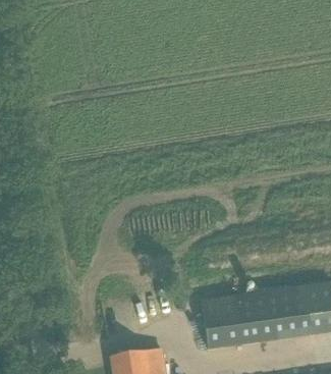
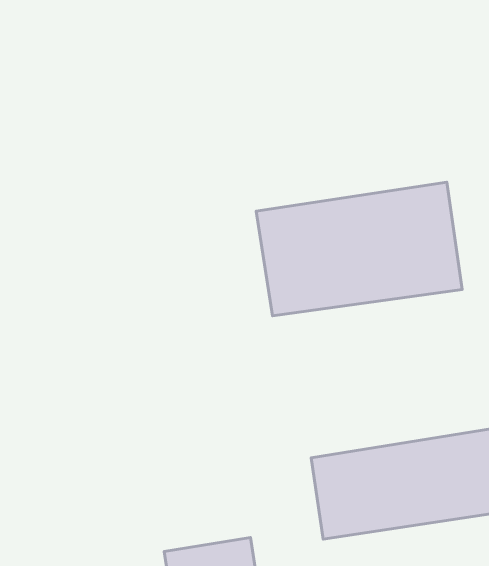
building: none -> [256,182,462,316]

